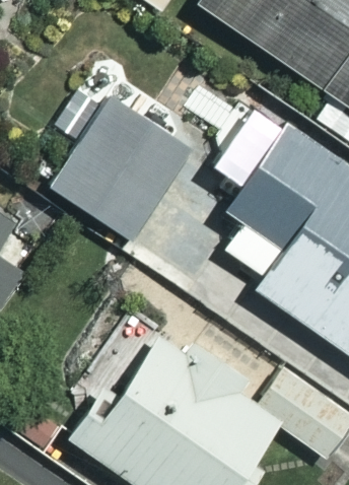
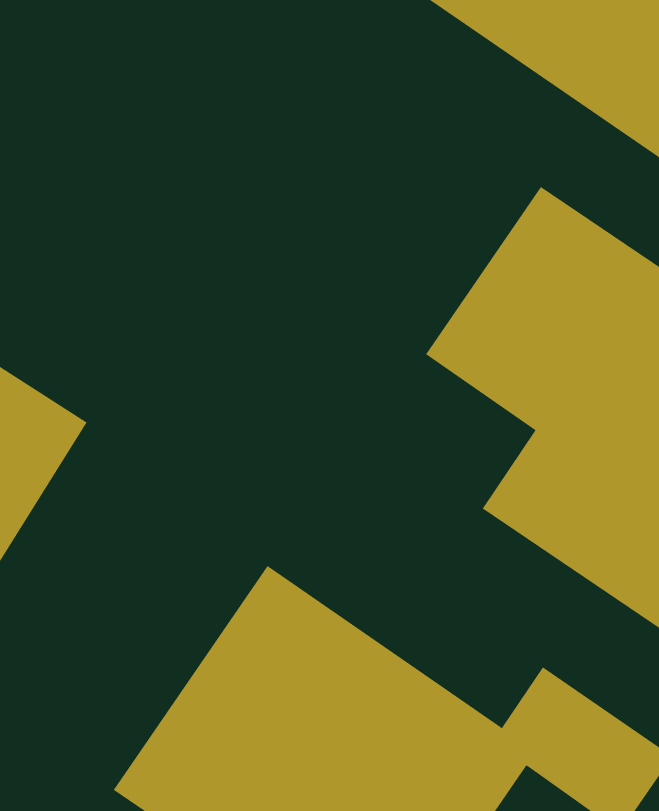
building: [50,96,189,238] -> none

